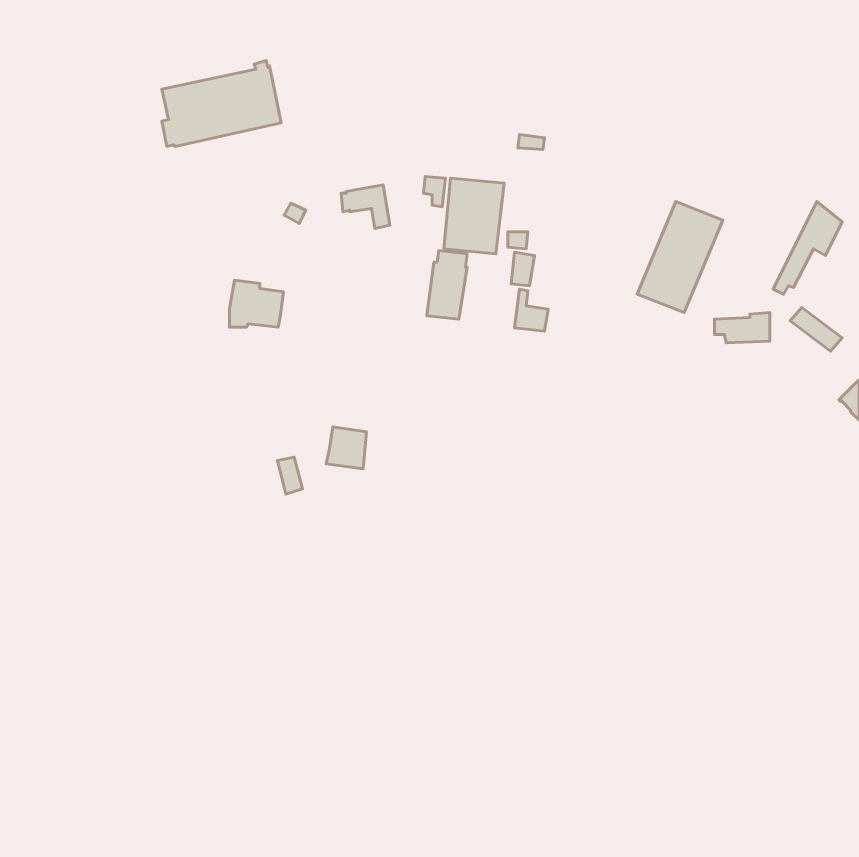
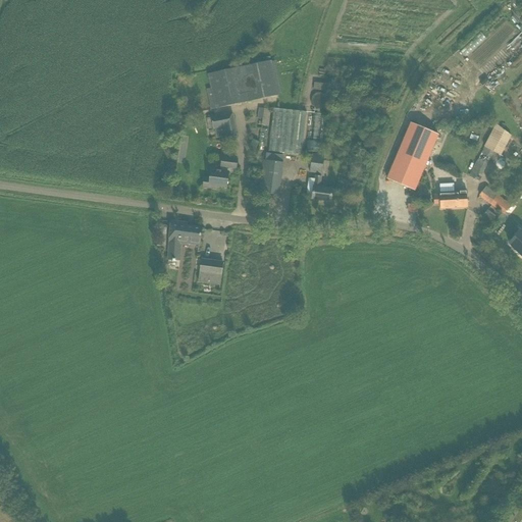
building: [162,61,281,146] -> [207,56,279,108]
building: none -> [203,157,236,189]
building: [230,280,283,327] -> [168,221,201,250]

